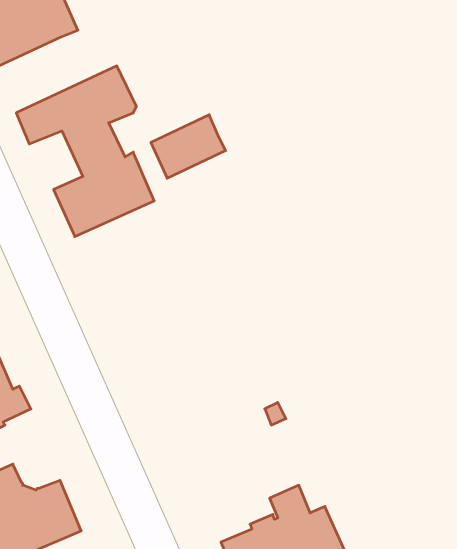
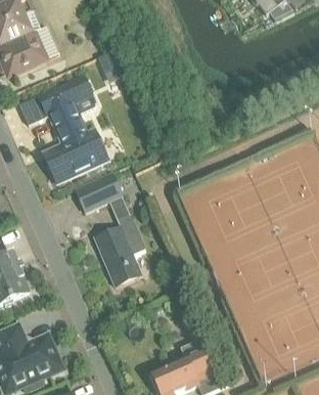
building: [151,115,226,178] -> [75,171,122,211]
building: none -> [94,213,145,284]

